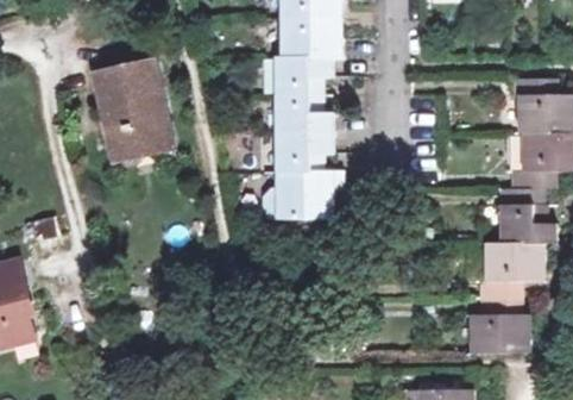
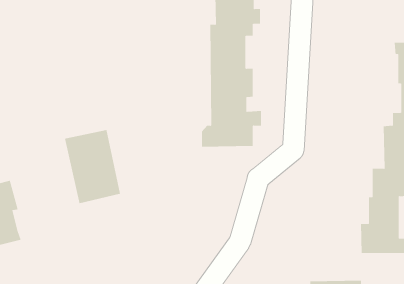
building: [97,62,171,158] -> [64,129,121,204]

